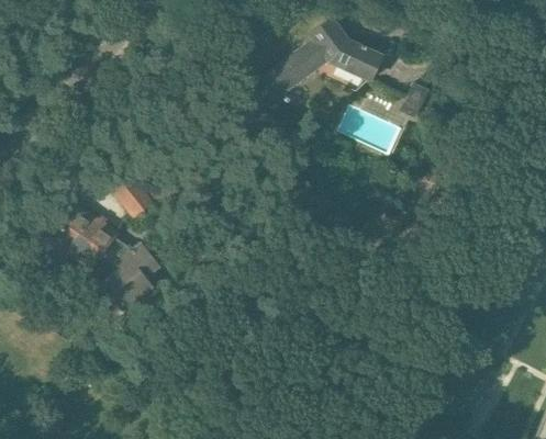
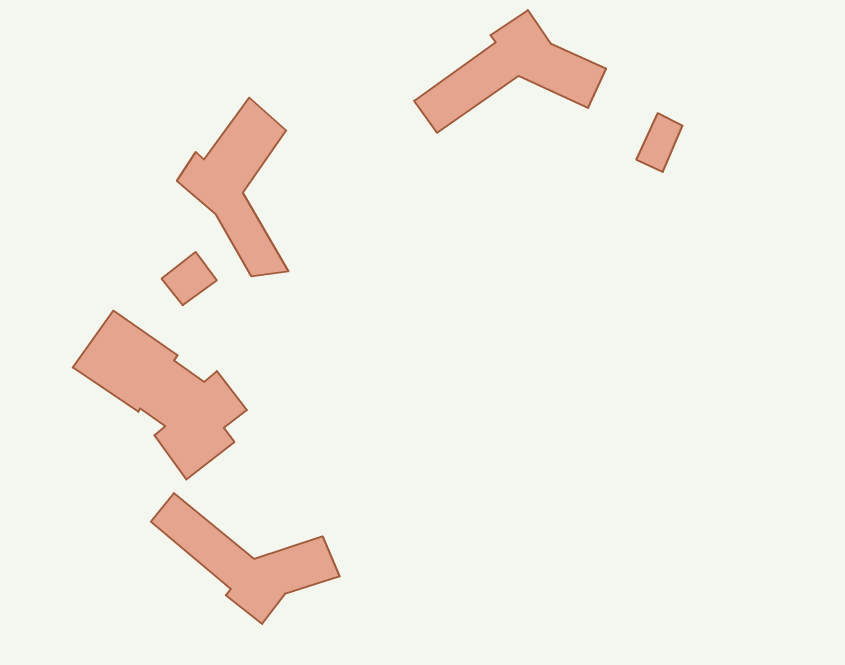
building: none -> [177,98,288,276]
building: none -> [151,493,340,624]

